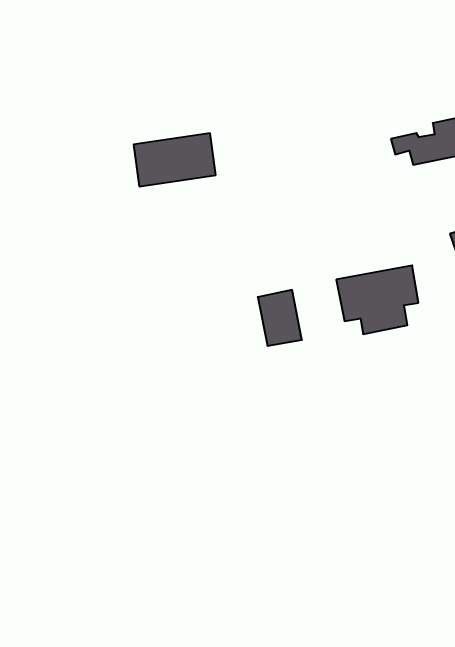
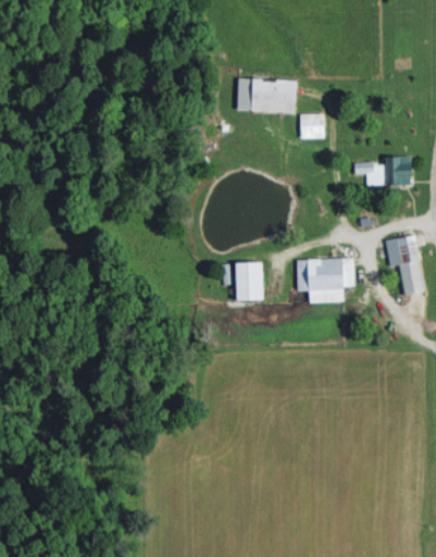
building: none -> [300,114,323,139]
building: [134,133,216,186] -> [237,79,296,112]

